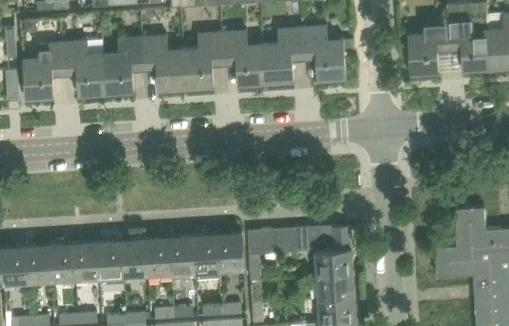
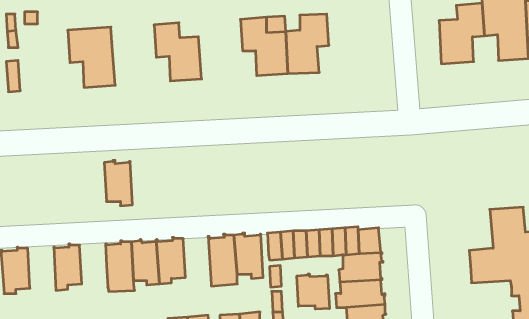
building: [303,26,355,80] -> none
building: [184,33,225,88] -> none
building: [104,38,145,94] -> none
building: [23,43,65,99] -> none
building: [170,234,196,279] -> none
building: [74,240,100,282] -> [104,160,132,206]
building: [26,243,52,285] -> none
building: none -> [297,274,329,309]

